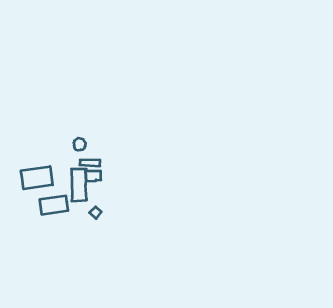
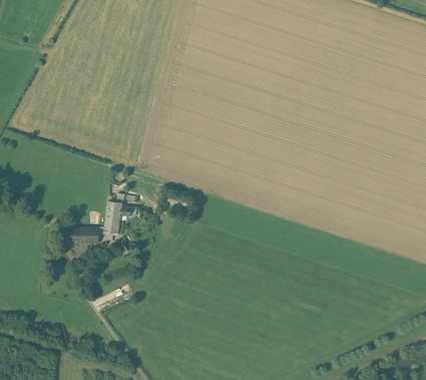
building: [21,166,53,189] -> none

